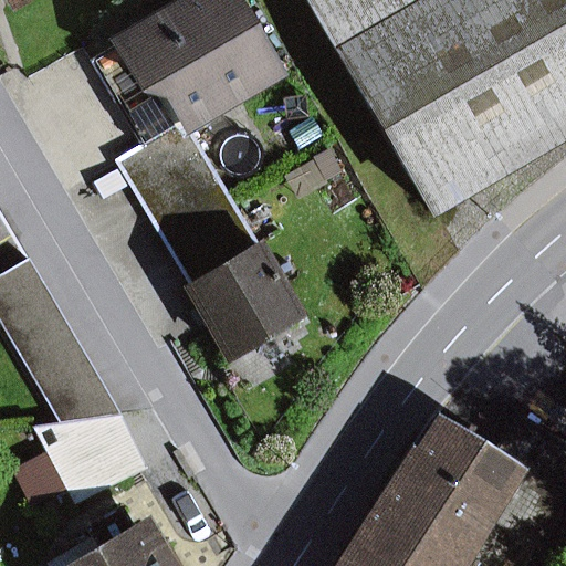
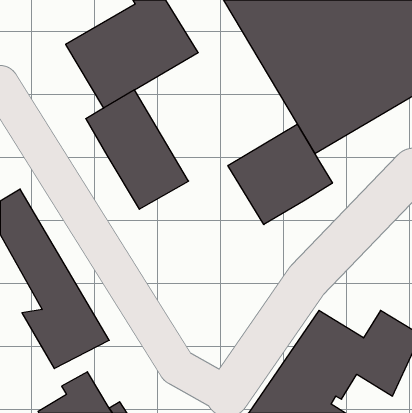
building: none -> [228,124,332,225]
building: [188,248,301,359] -> none

